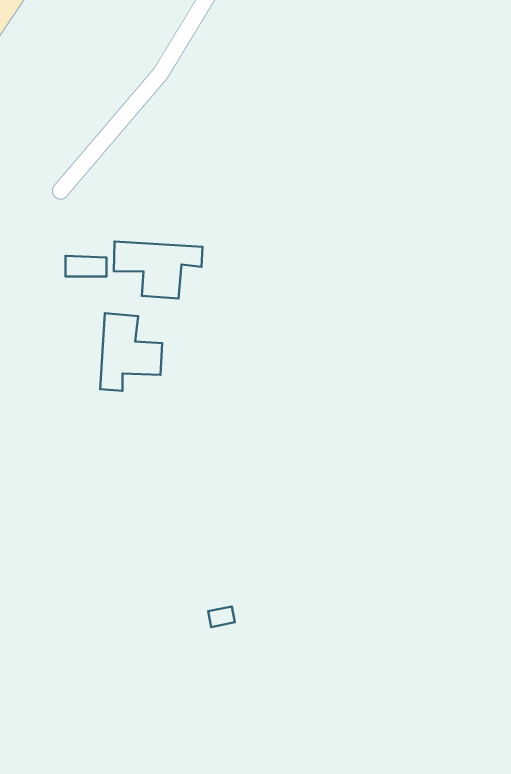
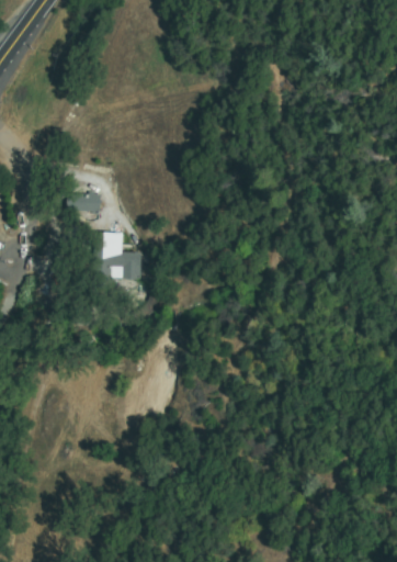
building: [114,241,203,298] -> none

